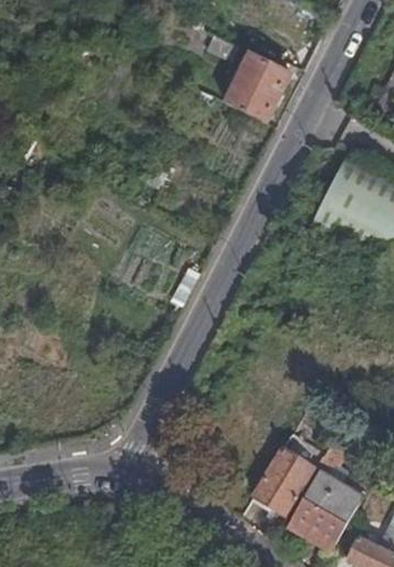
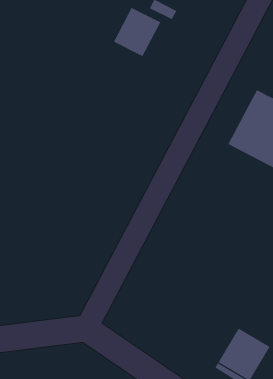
building: [226,52,290,118] -> [113,7,161,57]
building: [255,447,314,513] -> none

